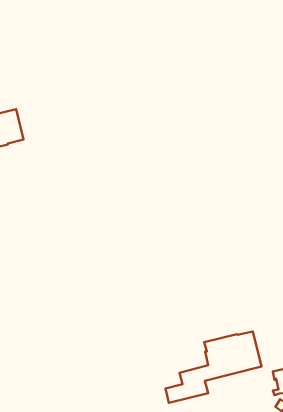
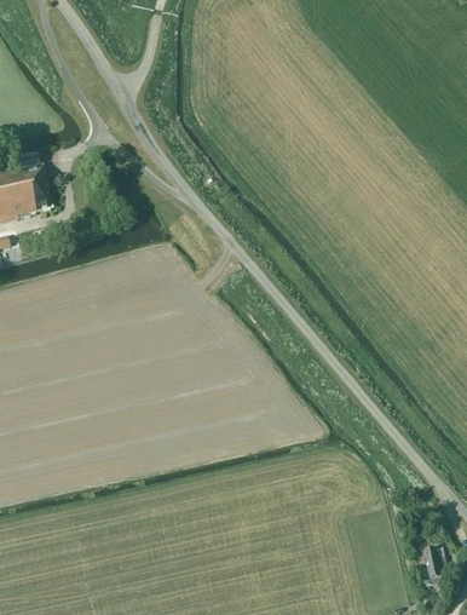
building: [166,332,261,403] -> none

